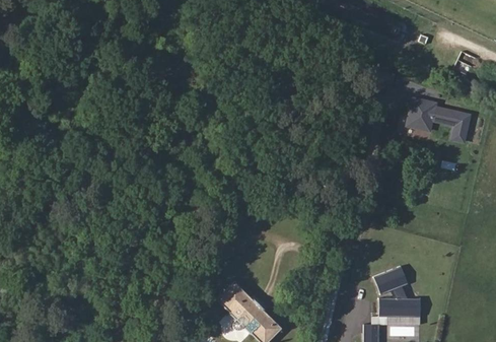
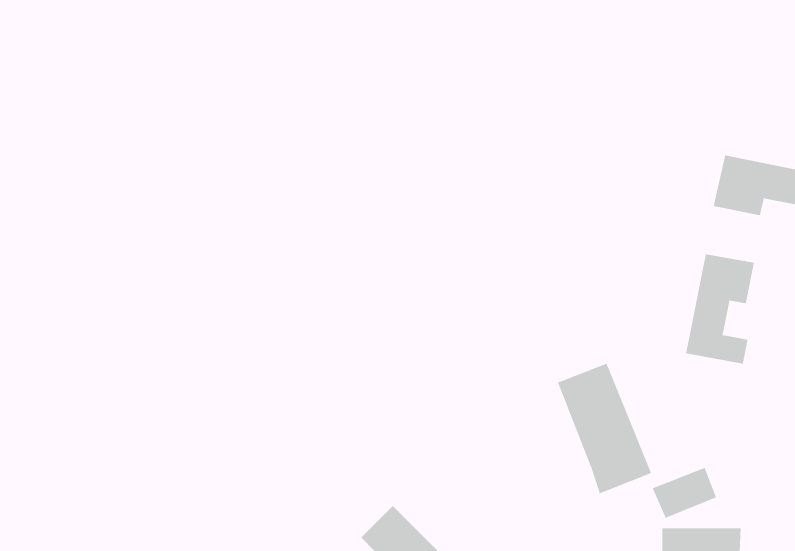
building: none -> [685,253,754,364]
building: none -> [557,363,652,494]

